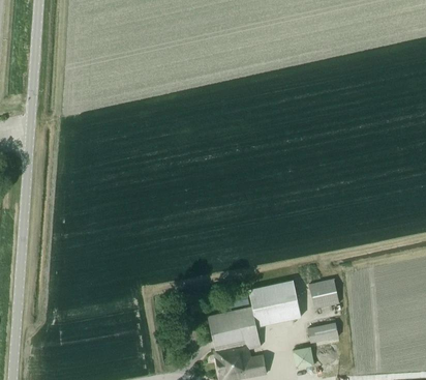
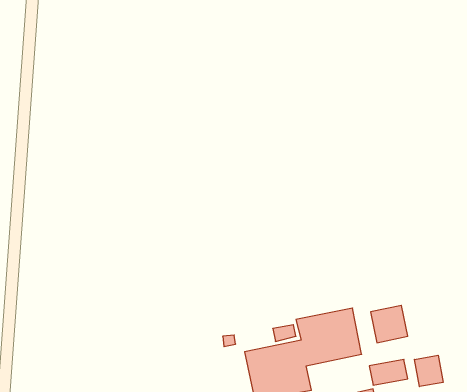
building: none -> [414,355,443,387]

